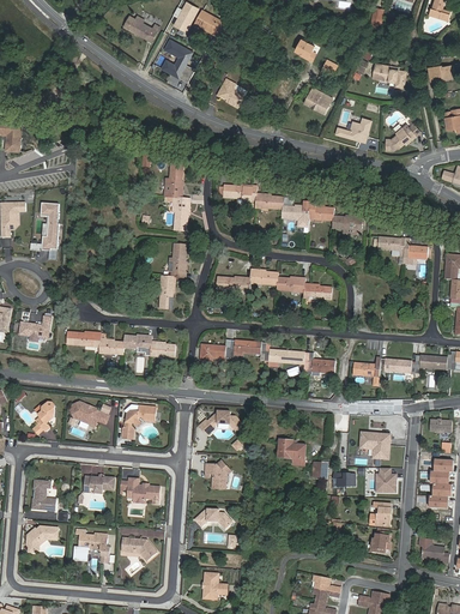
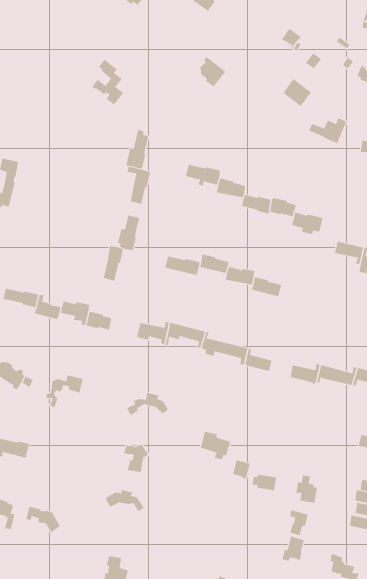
building: [161,40,193,83] -> [91,59,124,105]
building: [359,432,389,458] -> none
building: [126,477,157,505] -> none

